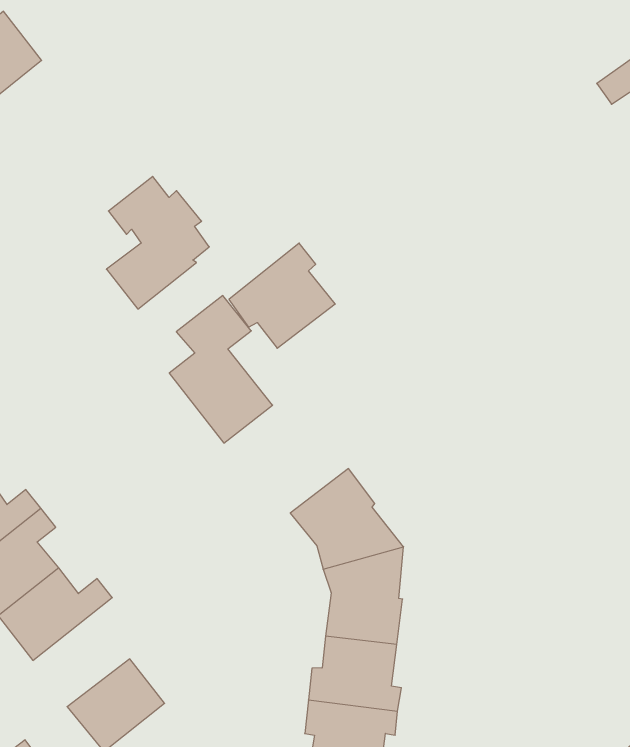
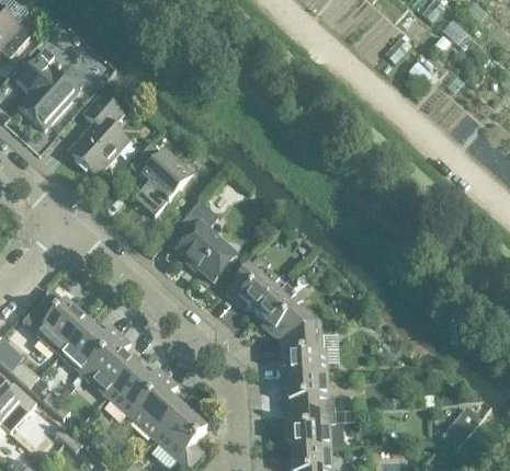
building: none -> [70,93,126,175]
building: [229,243,335,348] -> [225,254,283,313]
building: none -> [129,376,182,439]

